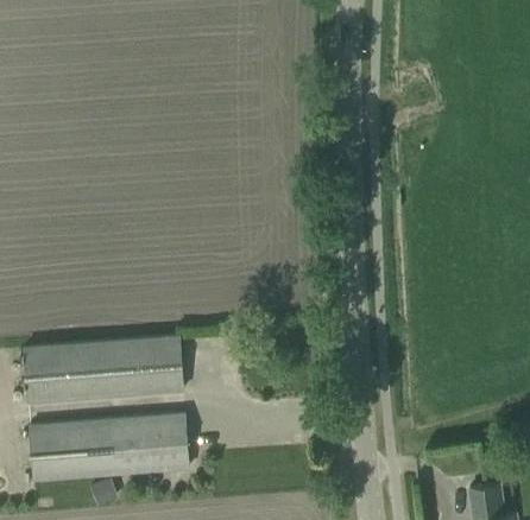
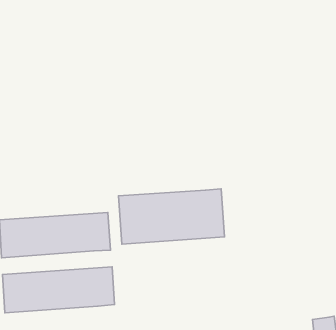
building: none -> [118,189,225,244]

